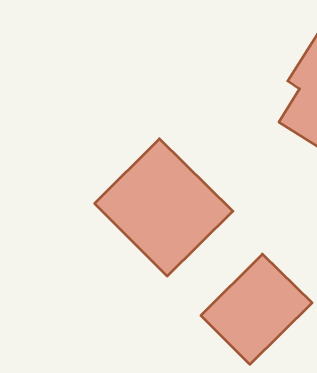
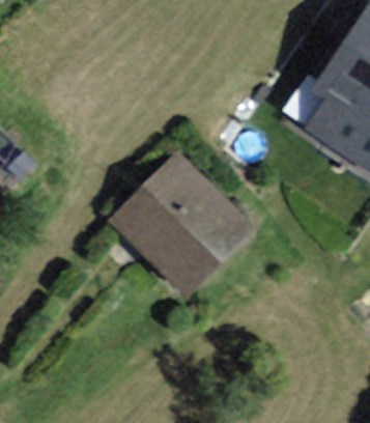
building: [201,254,312,364] -> none

